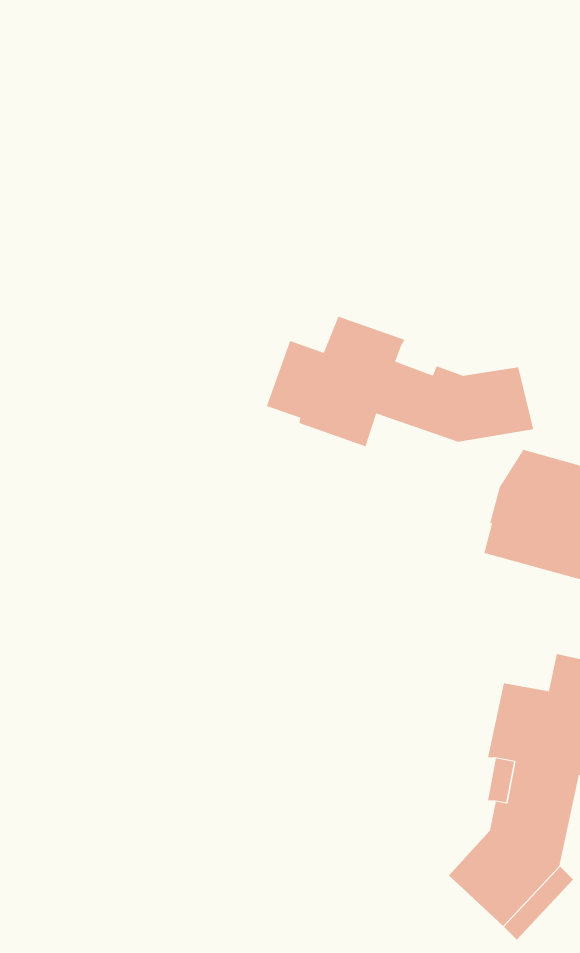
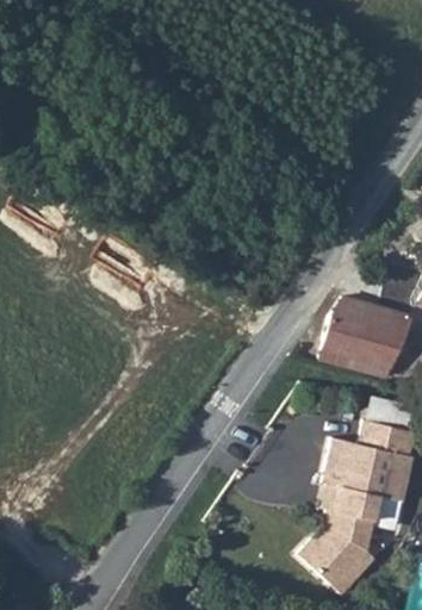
building: [266,316,534,447] -> none

